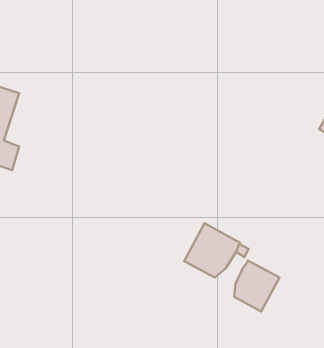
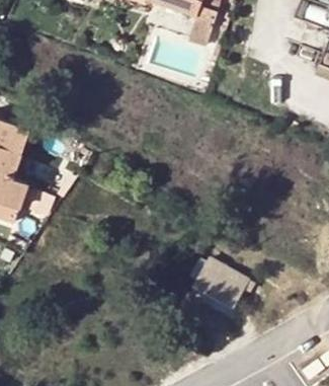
building: [234,261,279,312] -> none

